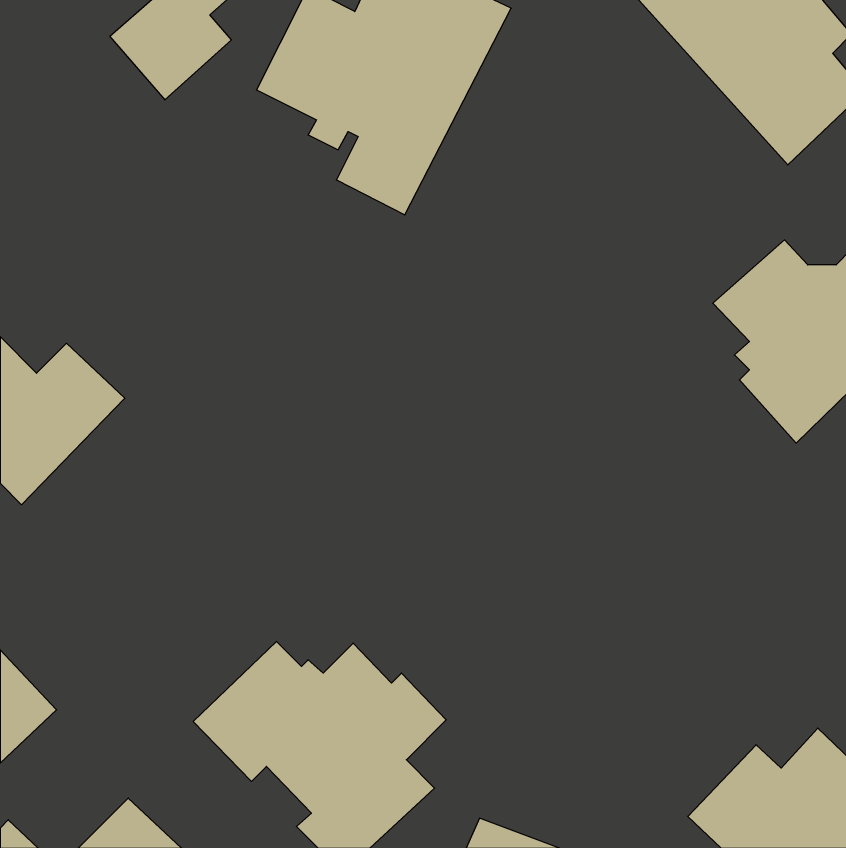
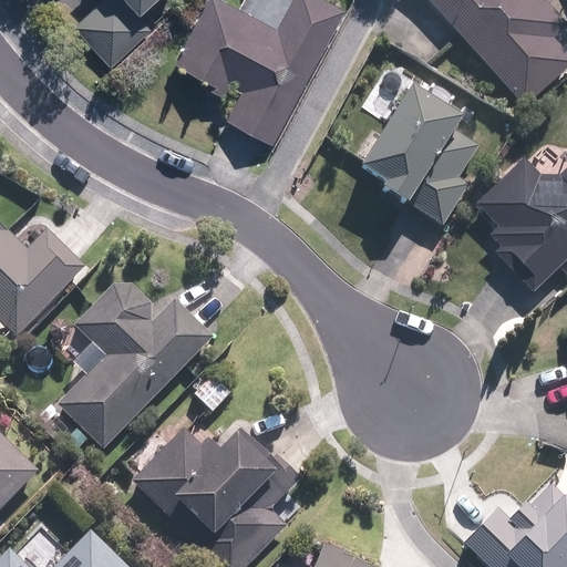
building: none -> [357,85,480,230]
building: none -> [56,281,215,450]

